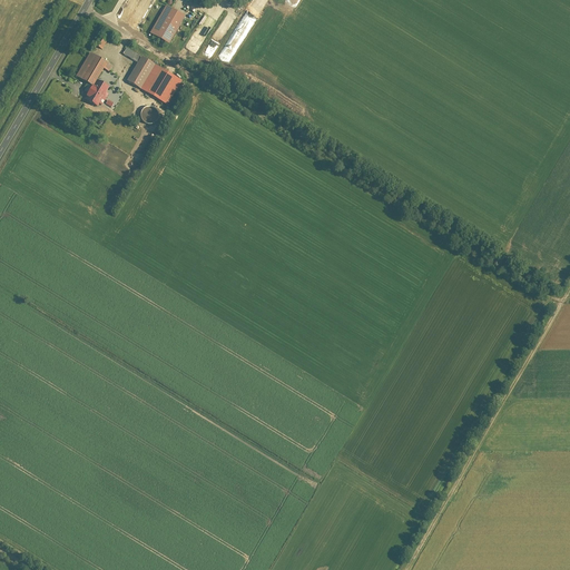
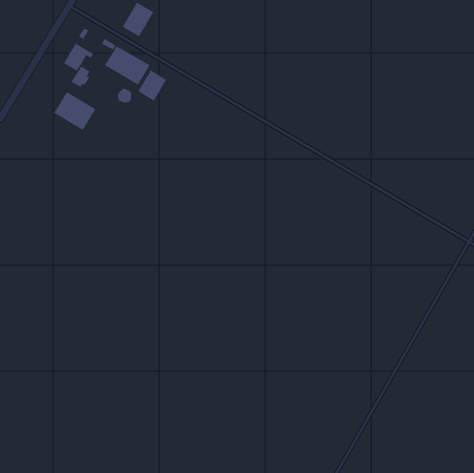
building: none -> [138,70,167,101]
building: none -> [53,91,96,131]

